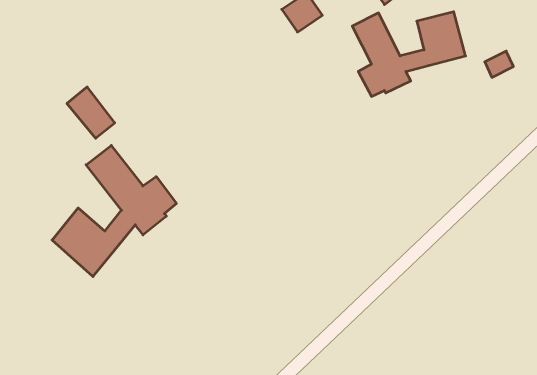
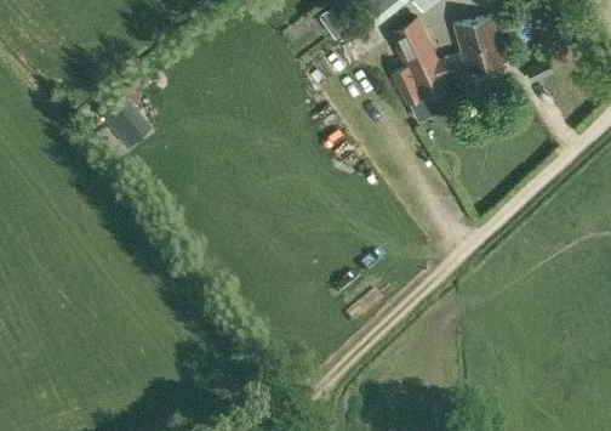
building: [52,145,176,277] -> none

